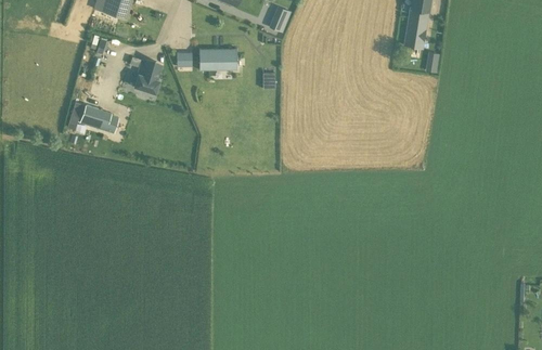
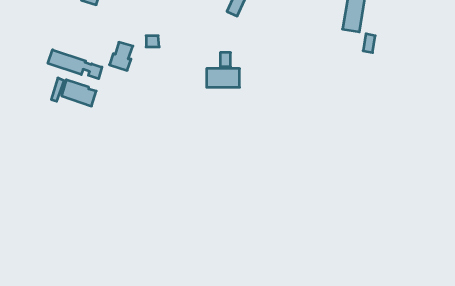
building: [198,48,236,69] -> [207,69,240,87]
building: none -> [48,50,102,79]

